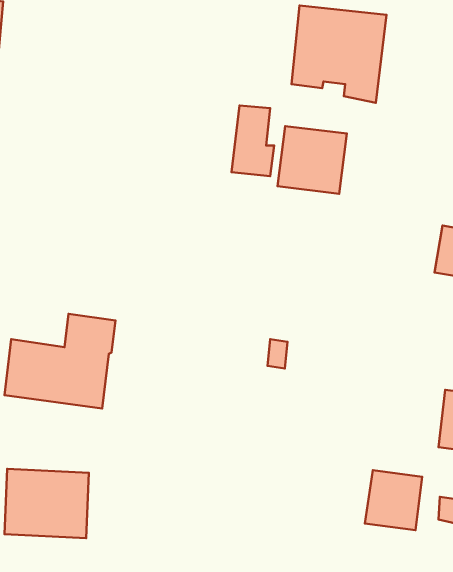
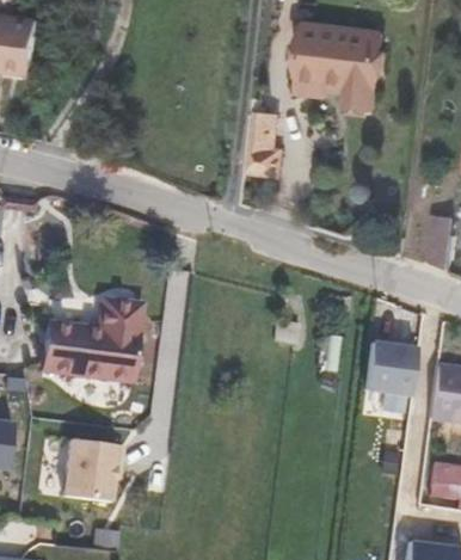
building: [278,126,347,194] -> none
building: [365,470,422,530] -> [364,344,416,398]

